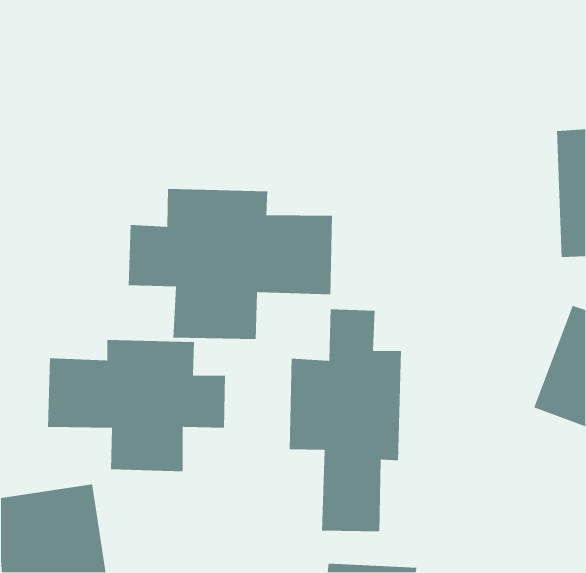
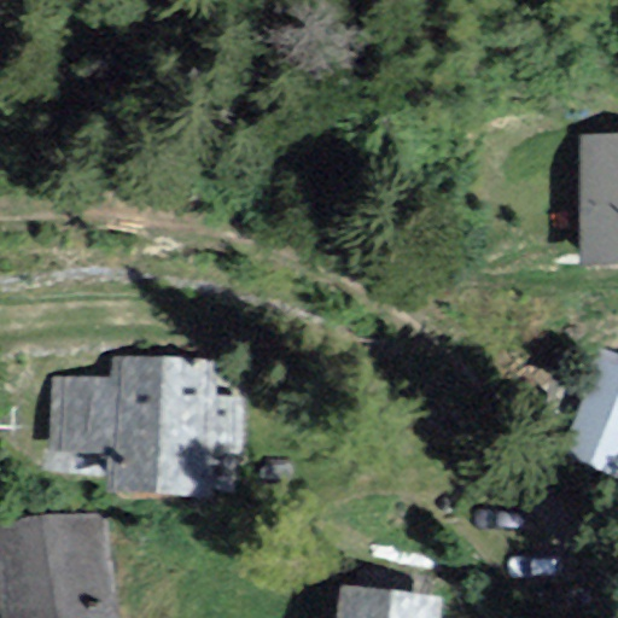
building: [128,188,333,340] -> none
building: [289,309,402,532] -> none

